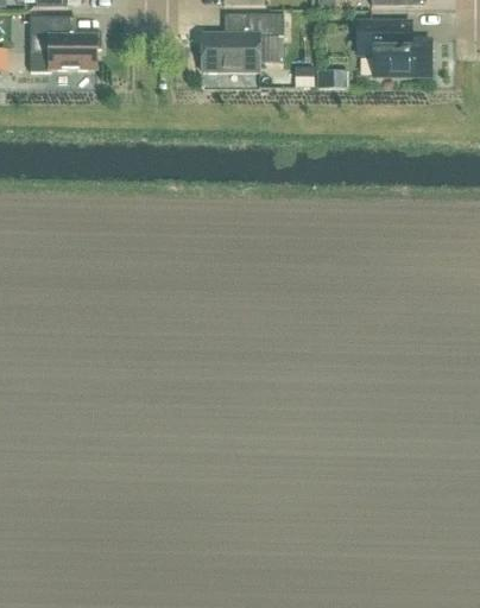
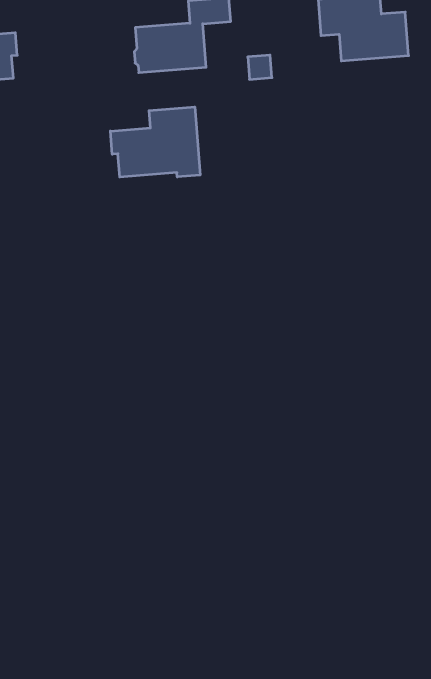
building: none -> [110,107,200,177]

